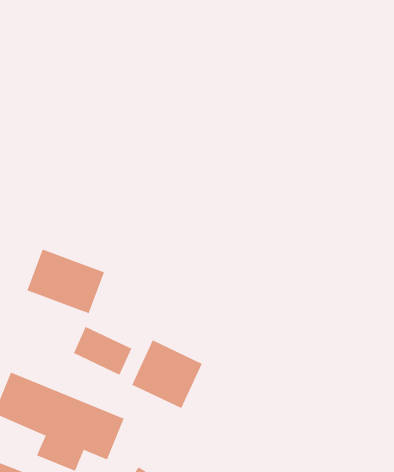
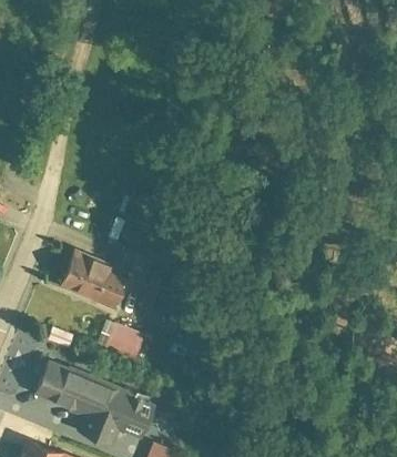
building: [131,340,203,409] -> none

